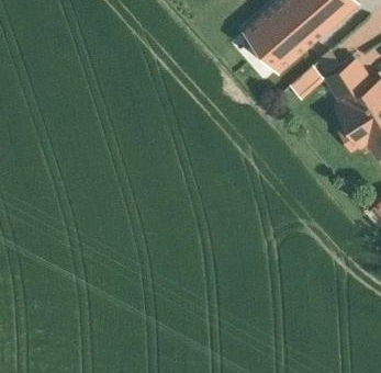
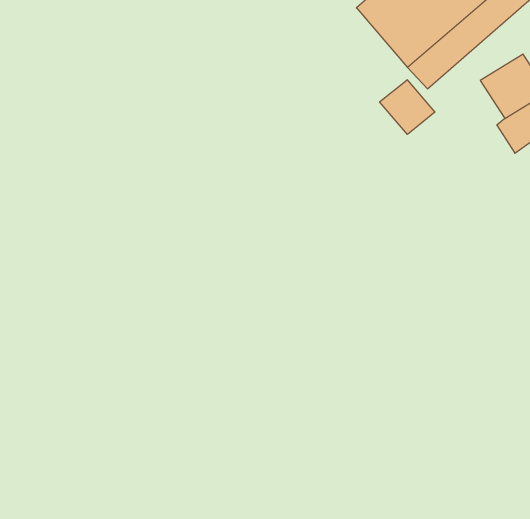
building: none -> [380,80,435,134]

